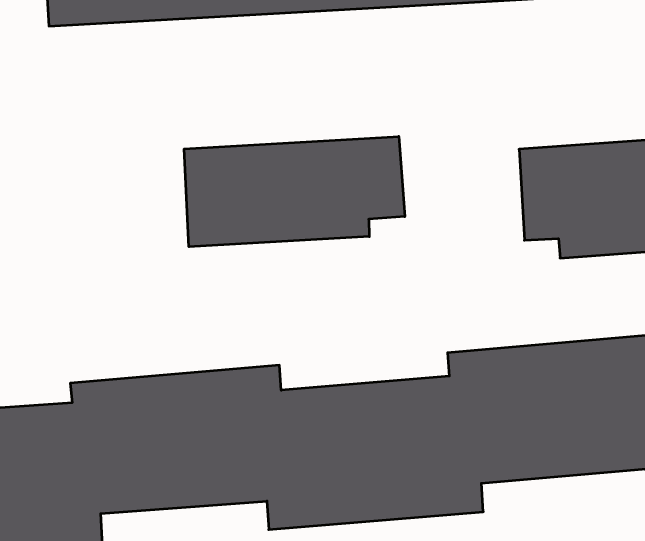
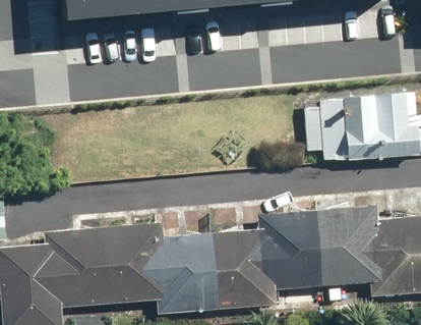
building: [184,136,405,247] -> none

